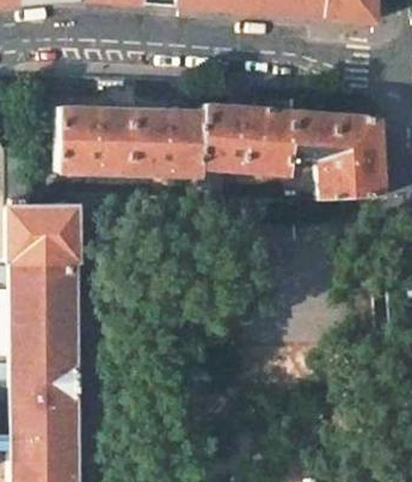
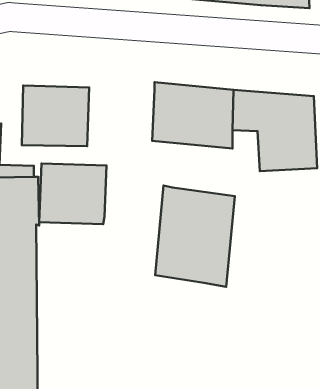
building: [131,109,205,175] -> [39,163,107,224]
building: none -> [155,186,235,287]

